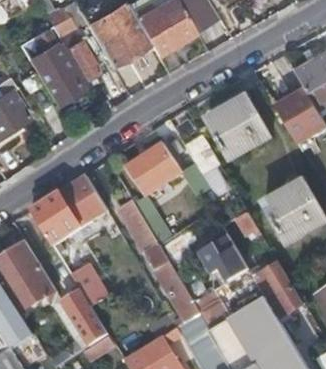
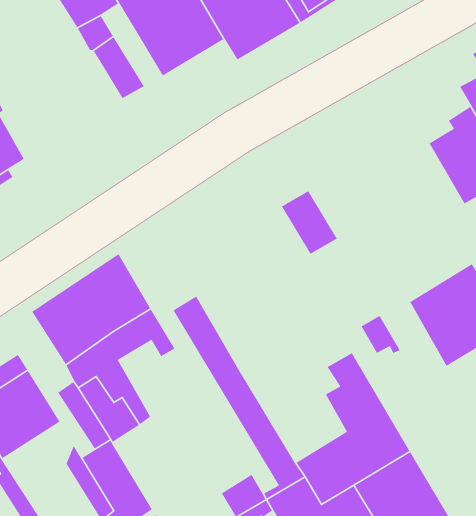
building: [28,28,79,99] -> none
building: [210,98,273,162] -> none
building: [126,142,183,195] -> none
building: [255,265,299,314] -> none

